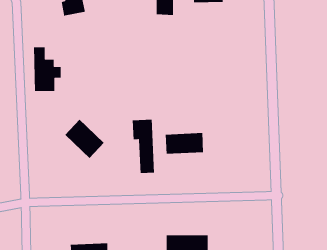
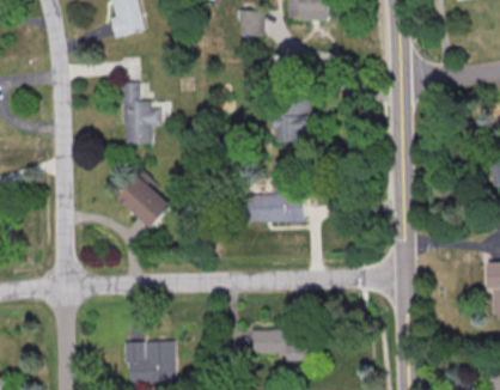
building: [33,46,62,92] -> [122,83,160,144]
building: none -> [275,102,309,141]
building: [132,119,155,174] -> none

